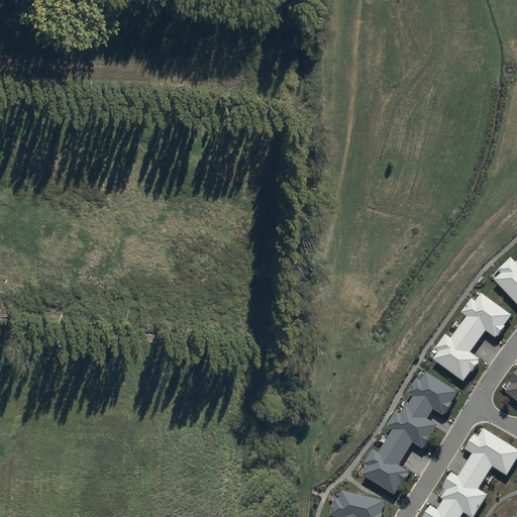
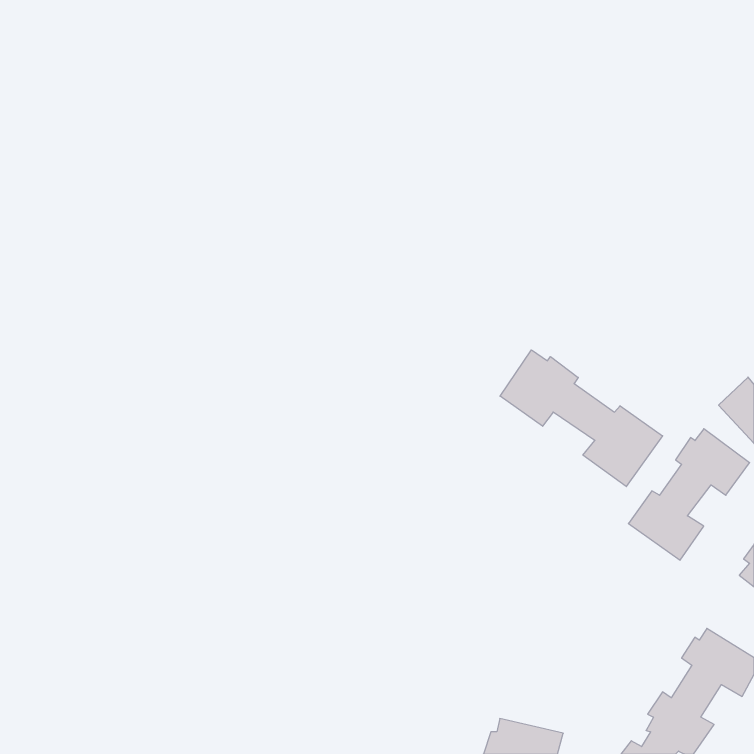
building: none -> [500,350,663,487]
building: [359,371,456,495] -> none

